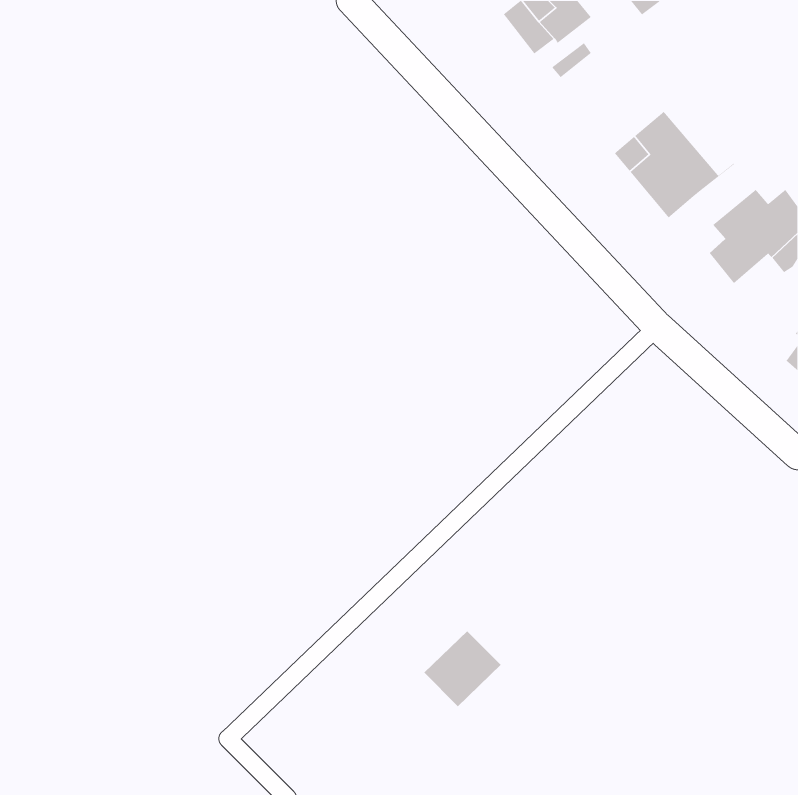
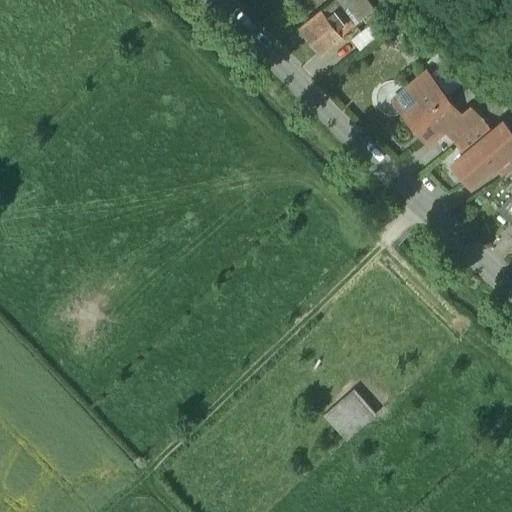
building: none -> [299,11,344,55]
building: none -> [443,107,484,146]
building: [424,630,502,707] -> [326,391,376,440]

